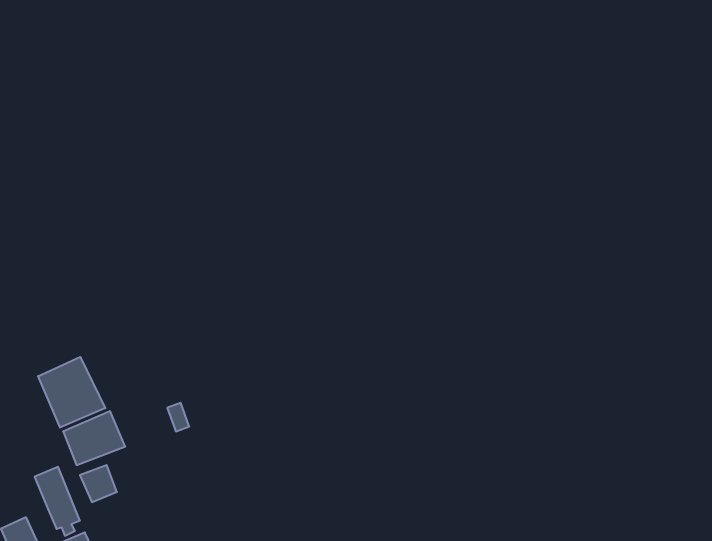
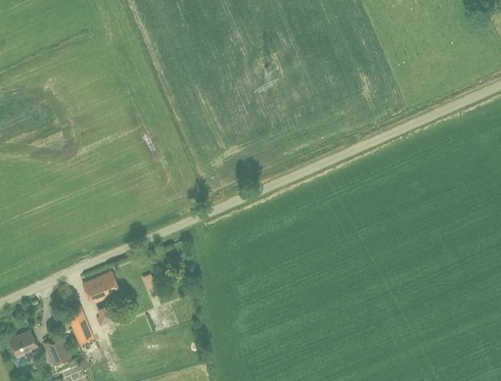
building: [38,357,105,428] -> none

